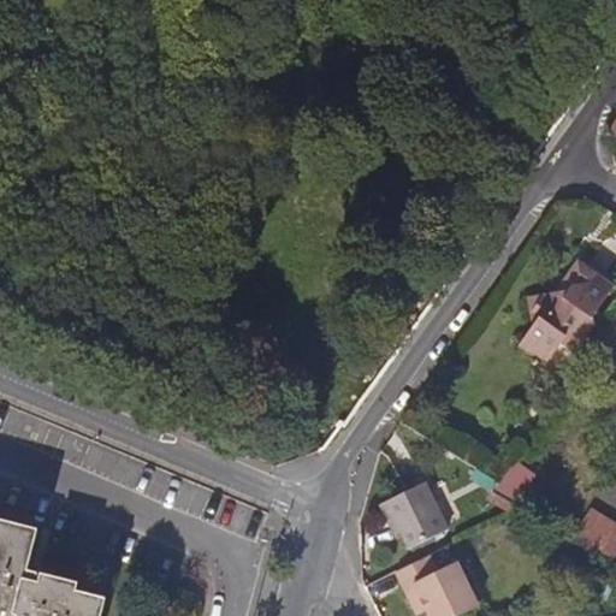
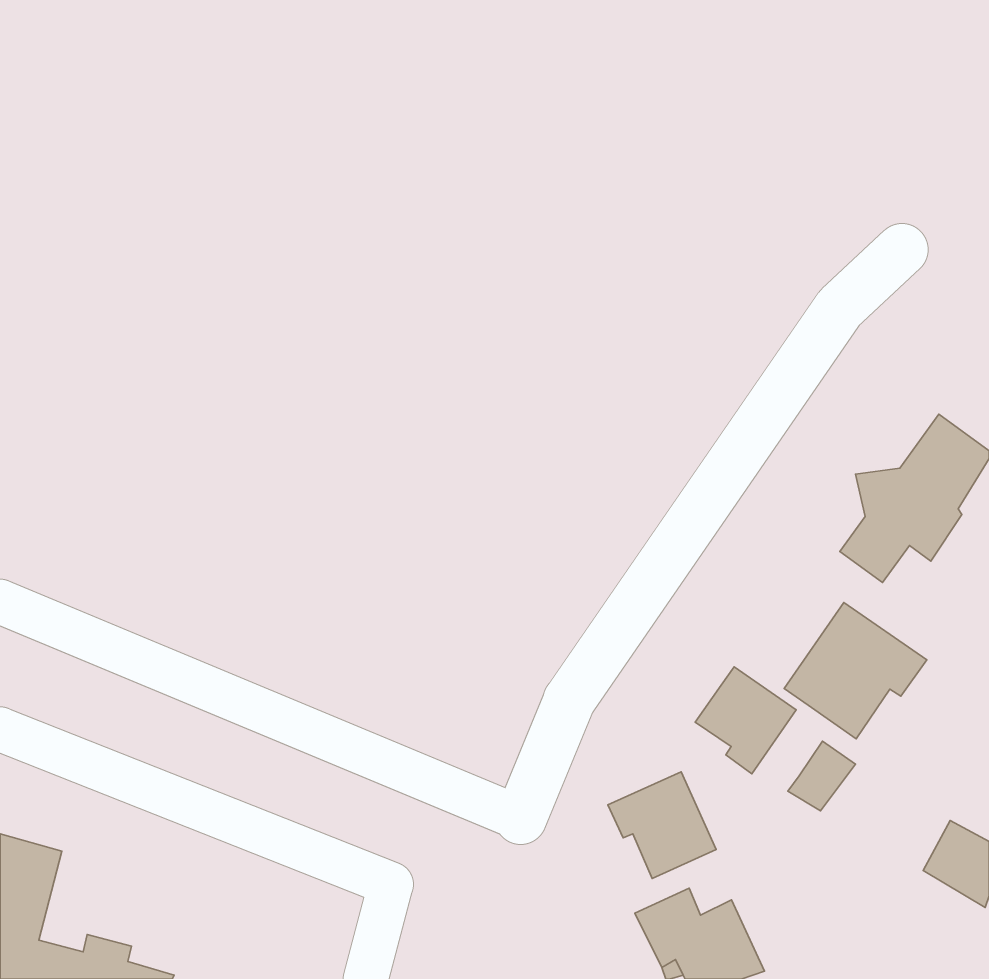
building: none -> [784,603,927,739]
building: none -> [695,667,796,774]

